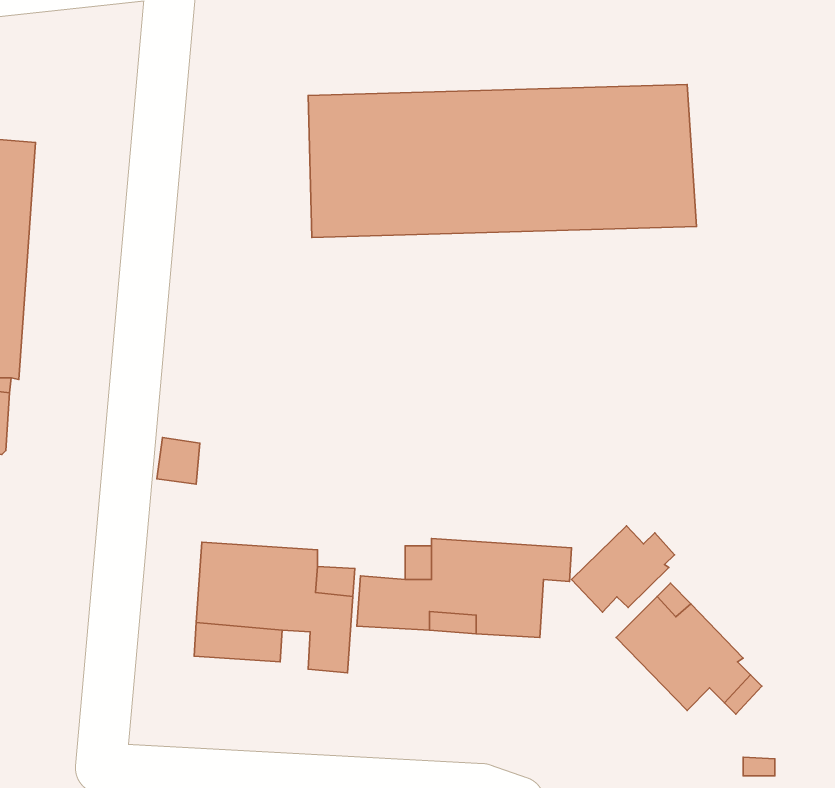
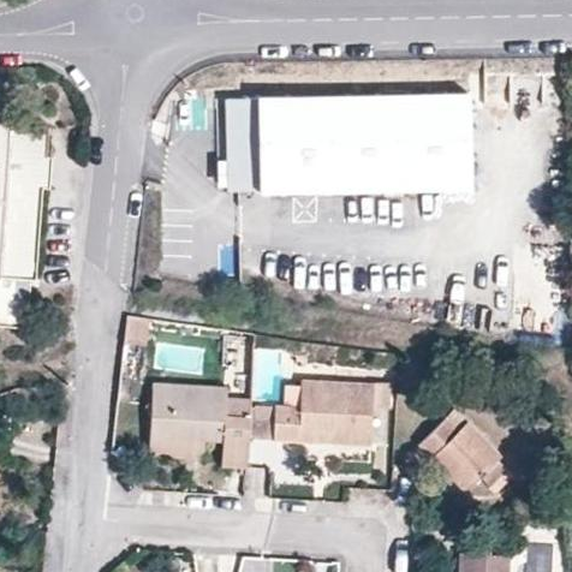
building: [572,526,675,612] -> none

